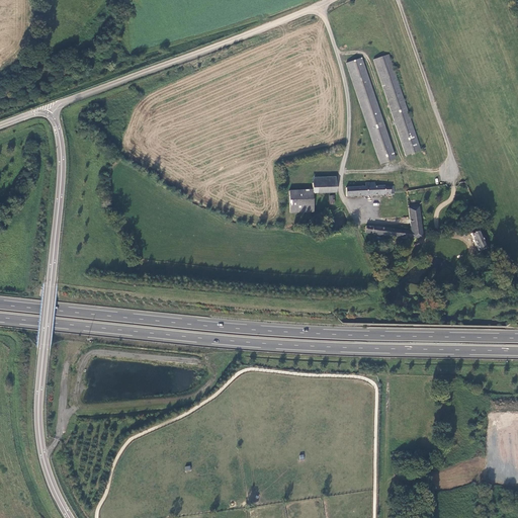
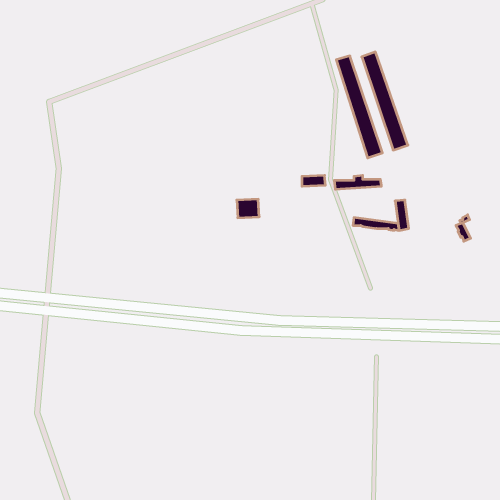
building: [289,192,313,211] -> [237,199,259,218]

